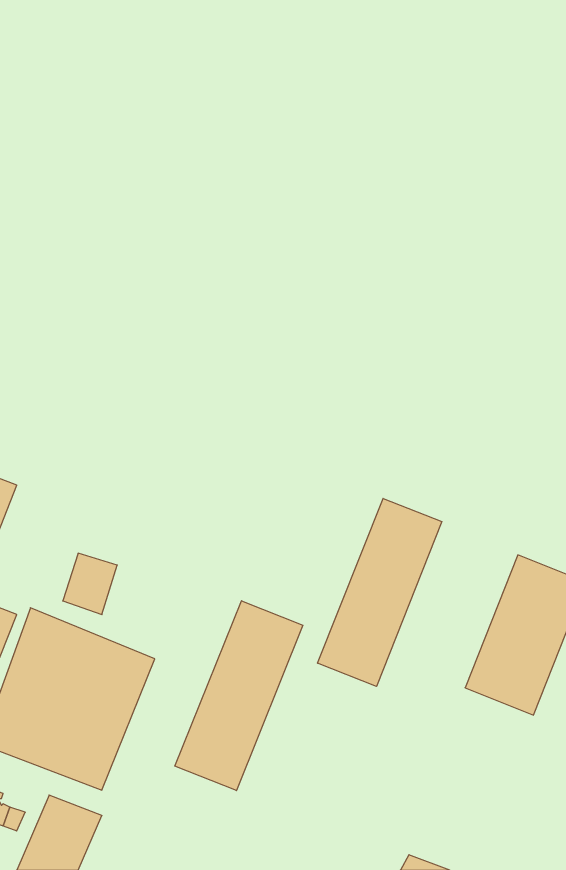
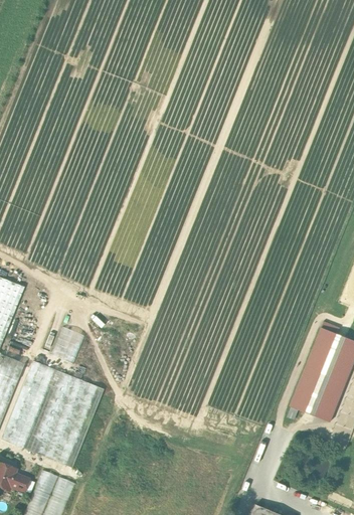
building: [318,498,442,686] -> none
building: [175,601,303,791] -> none

